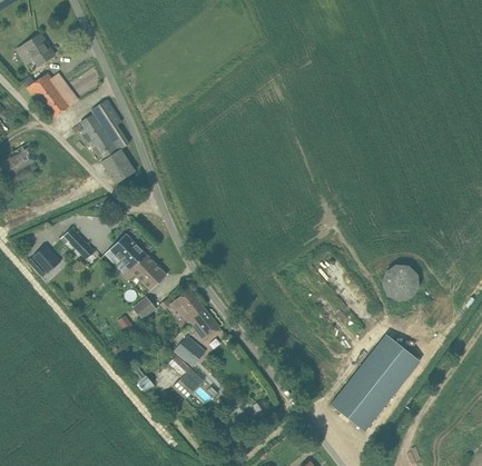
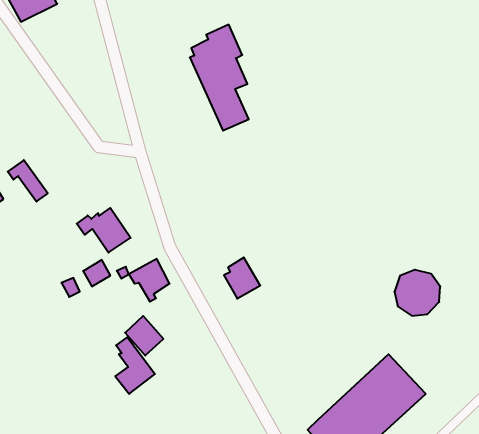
building: [80,98,135,182] -> [190,25,249,131]
building: [105,232,146,270] -> none
building: [189,306,219,339] -> [224,257,260,299]

